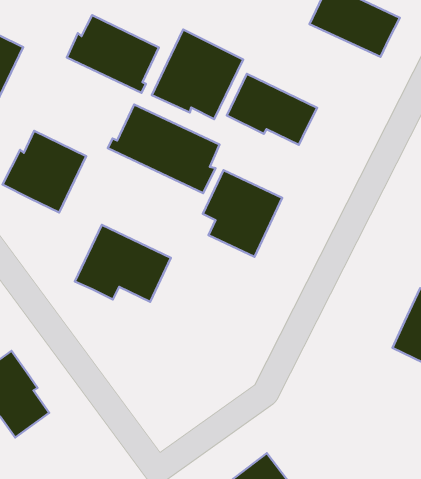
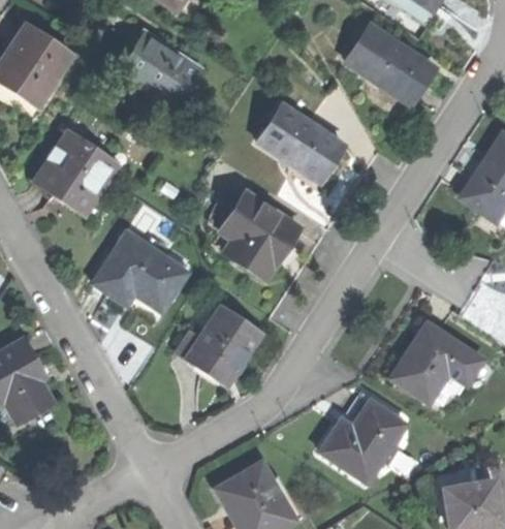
building: [152,30,243,119] -> none
building: [108,104,220,193] -> none
building: none -> [180,308,261,384]
building: none -> [320,402,404,484]

